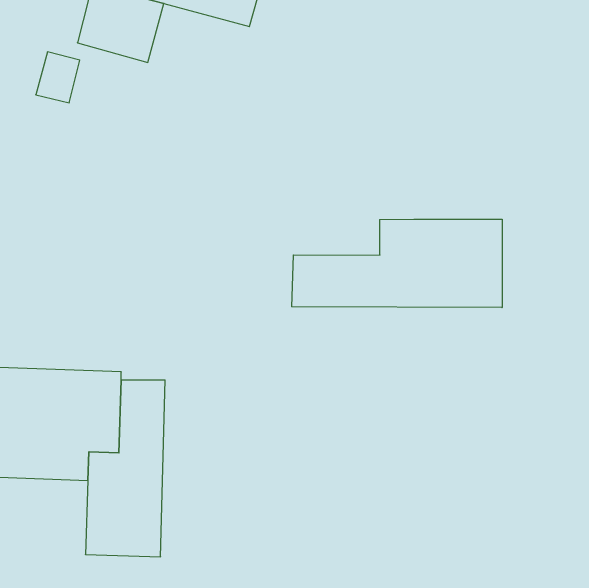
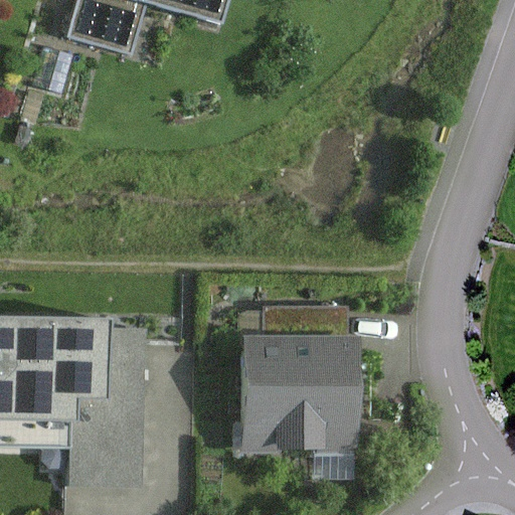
building: [292,219,502,308] -> none
building: none -> [247,335,357,448]

